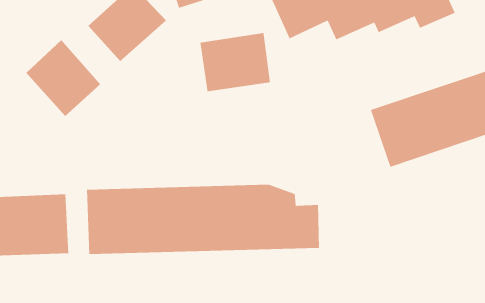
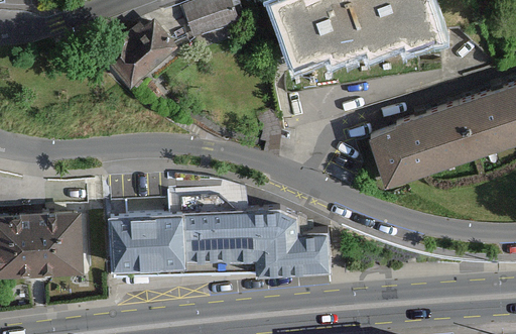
building: [200,32,271,92] -> none
building: [25,39,101,117] -> none

